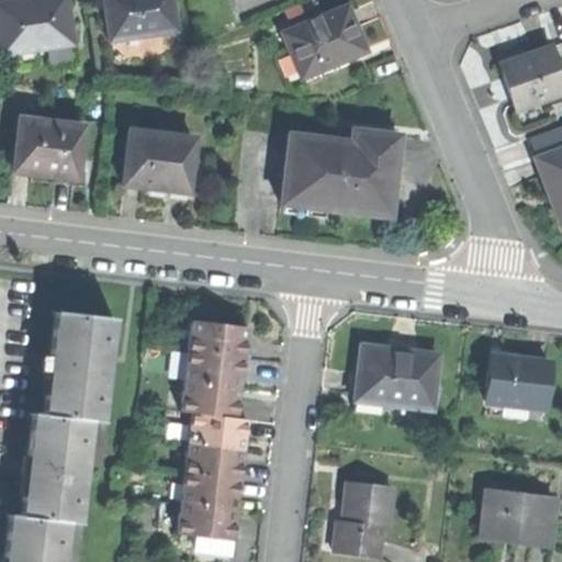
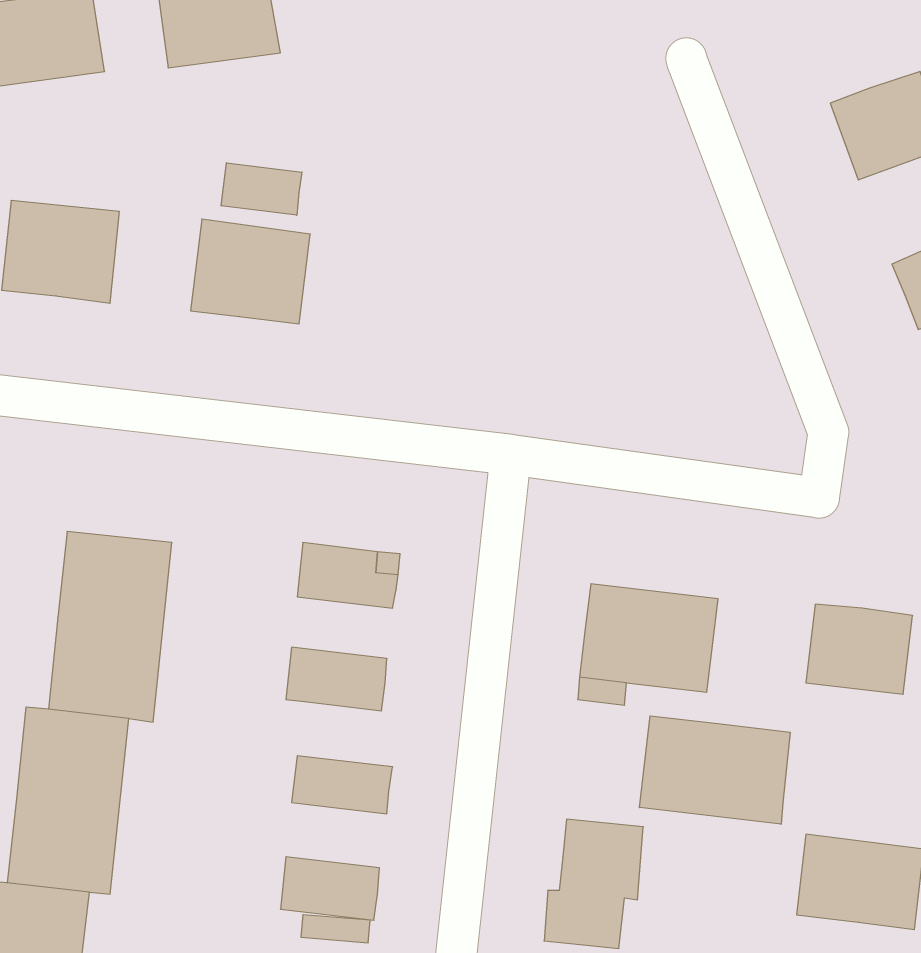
building: [286,8,369,76] -> none
building: none -> [221,163,302,215]
building: [283,130,401,217] -> none
building: [186,351,245,387] -> none
building: [189,413,248,451] -> none
building: none -> [639,716,790,824]
building: [182,472,241,510] -> none

